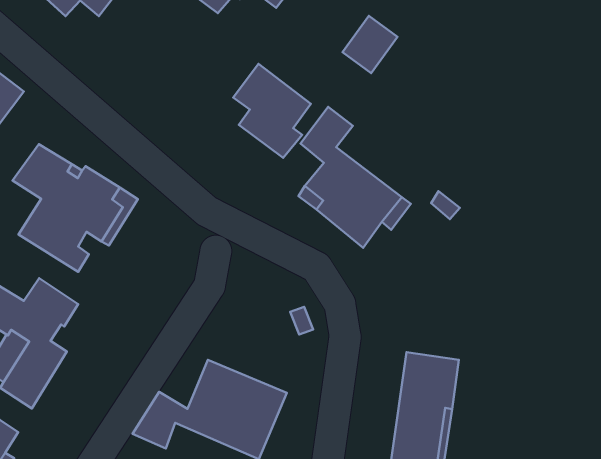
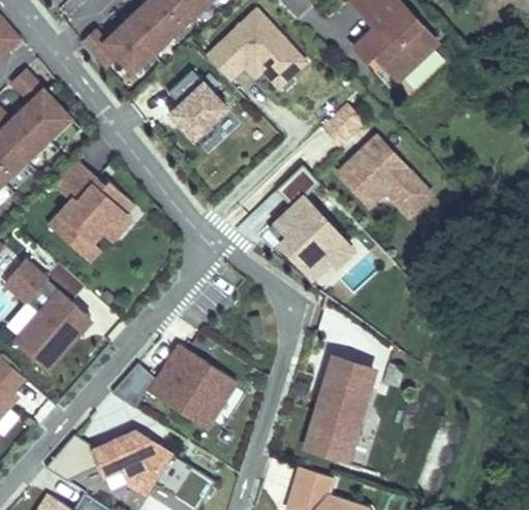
building: none -> [339,137,430,214]
building: [233,64,311,158] -> [167,70,226,146]
building: none -> [37,299,91,369]

